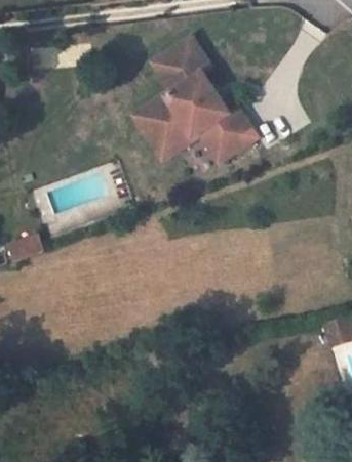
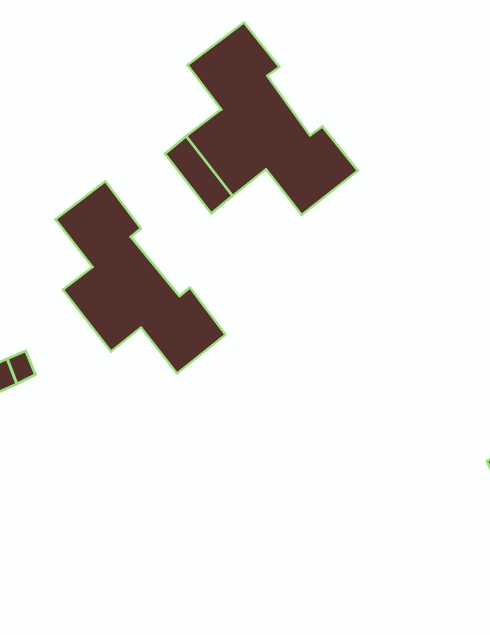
building: none -> [55,181,225,373]

